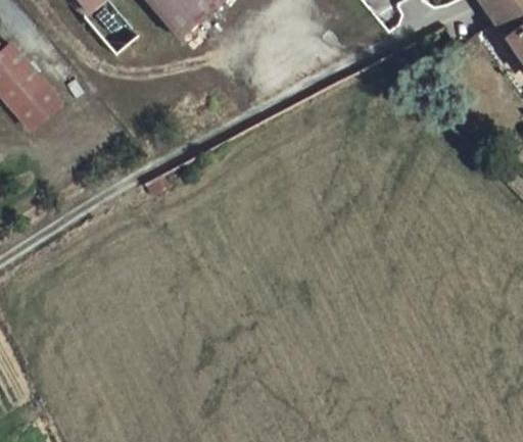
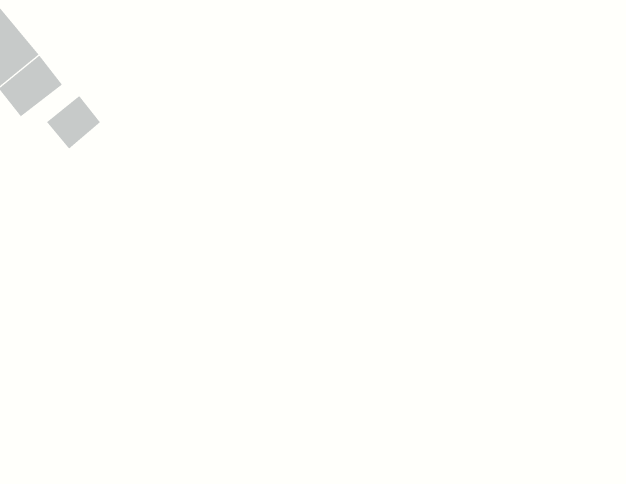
building: none -> [46,95,101,149]

